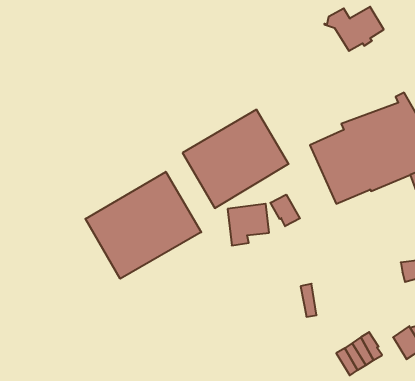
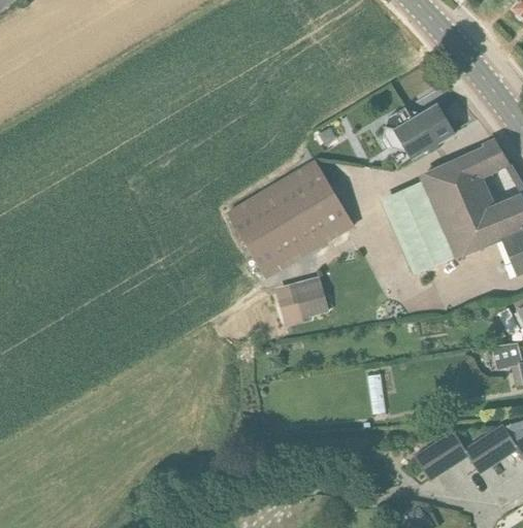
building: [324,7,384,51] -> [382,104,454,158]
building: [85,172,201,279] -> none
building: [270,195,300,226] -> none
building: none -> [462,435,498,473]

